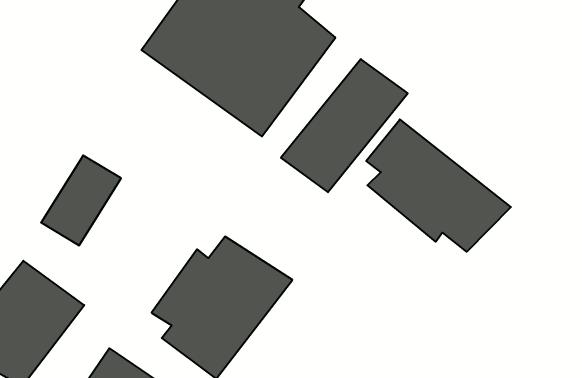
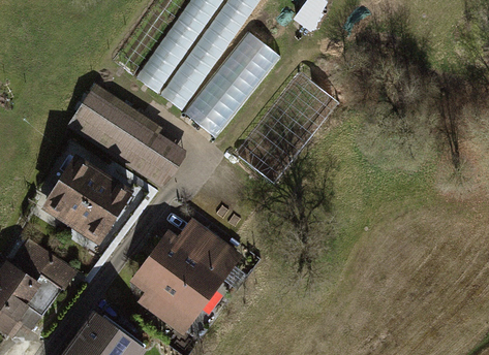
building: none -> [68,88,185,188]
building: [366,119,511,252] -> none
building: none -> [71,171,135,245]

